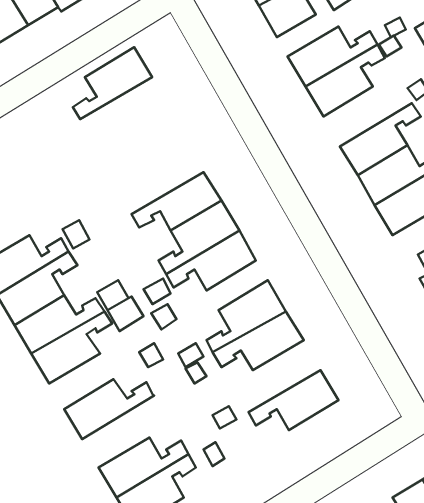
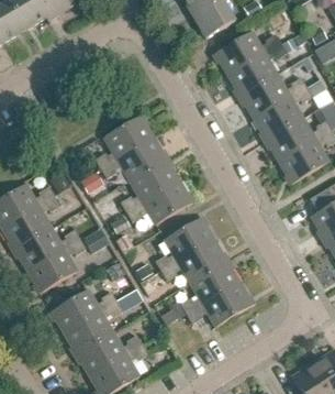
building: [73,47,152,119] -> [94,114,153,167]
building: none -> [241,74,305,118]
building: none -> [180,260,238,313]
building: none -> [64,288,142,353]

